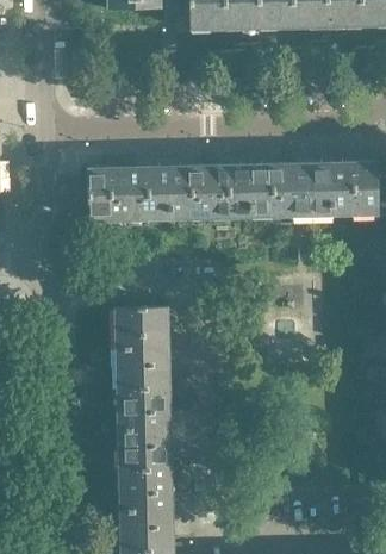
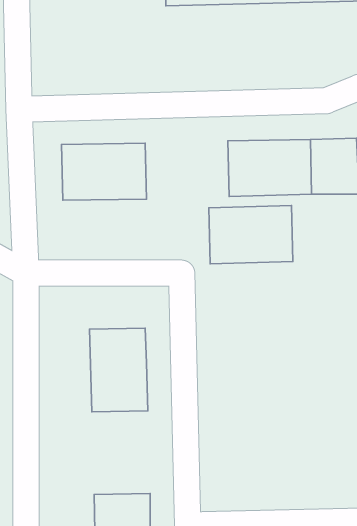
building: [168,162,250,219] -> [209,205,293,264]
building: [112,305,173,347] -> none
building: [116,427,173,509] -> none

